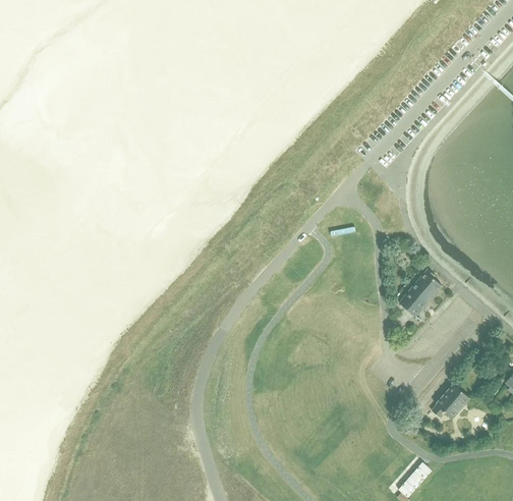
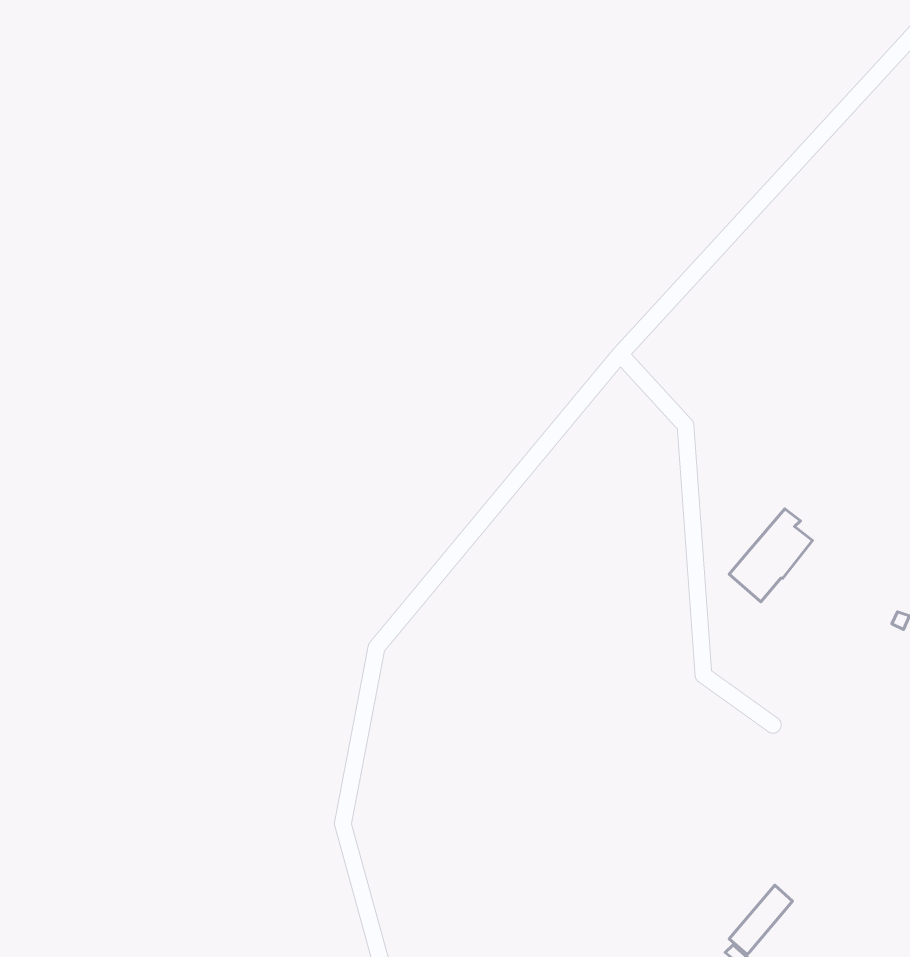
building: [431,383,470,419] -> none

